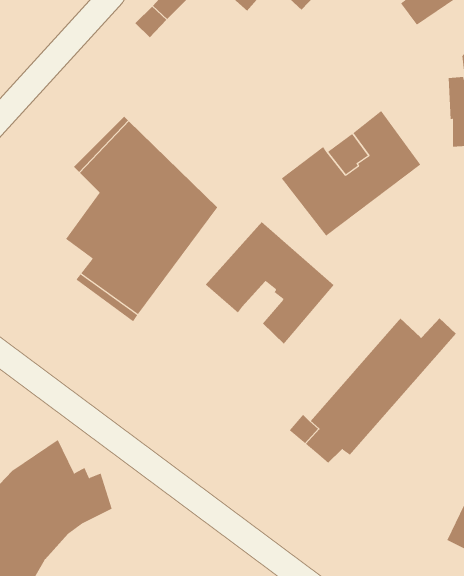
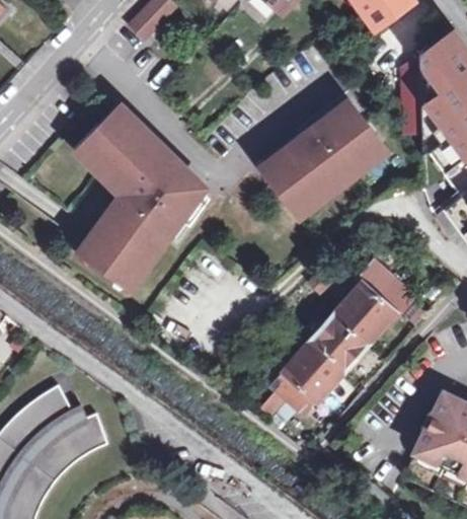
building: [205,221,335,344] -> none

